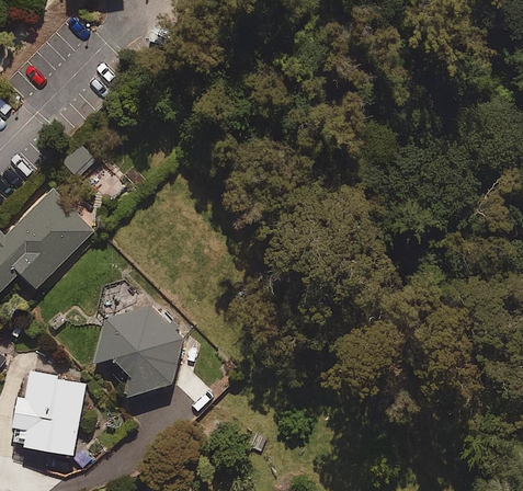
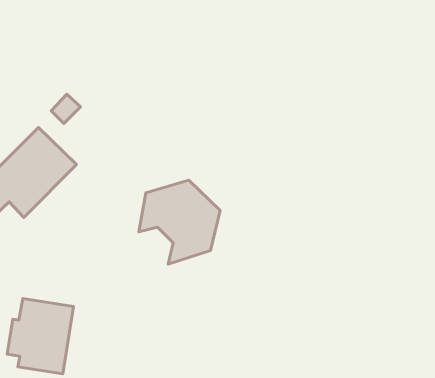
building: [93,308,184,402] -> [139,180,220,264]

